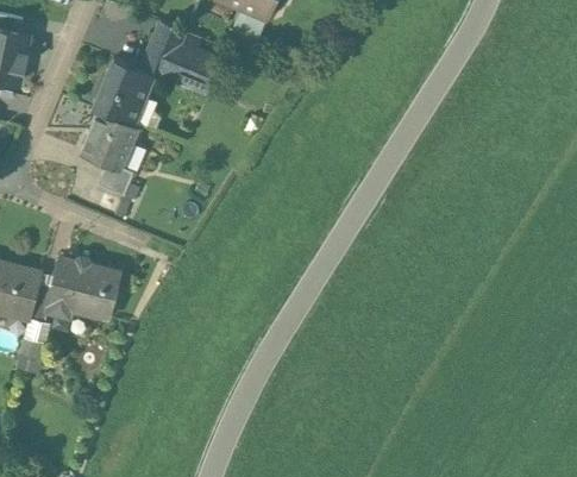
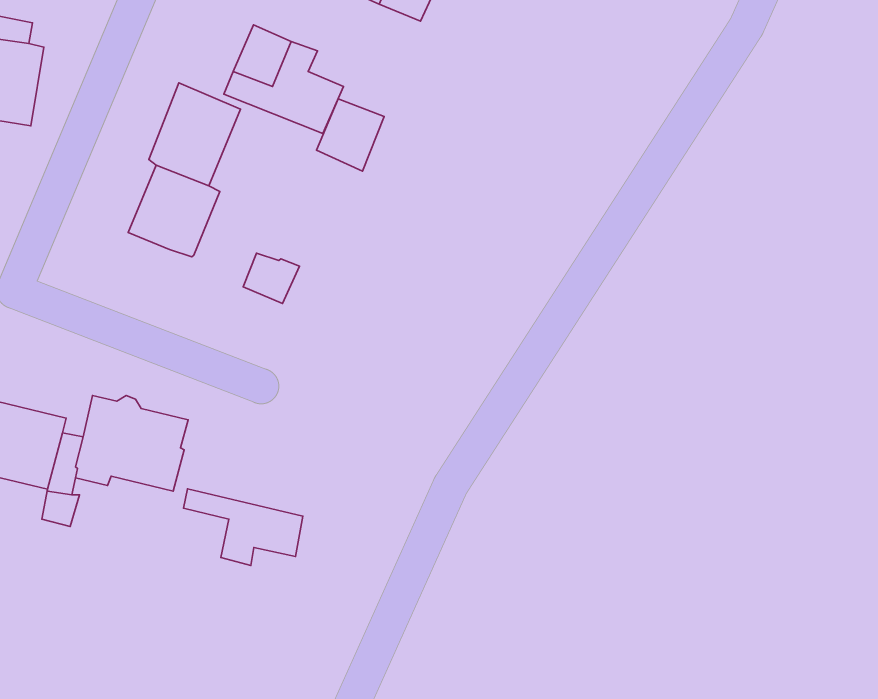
building: none -> [317,99,384,171]
building: [100,164,136,196] -> [243,253,299,304]
building: none -> [184,489,303,565]

